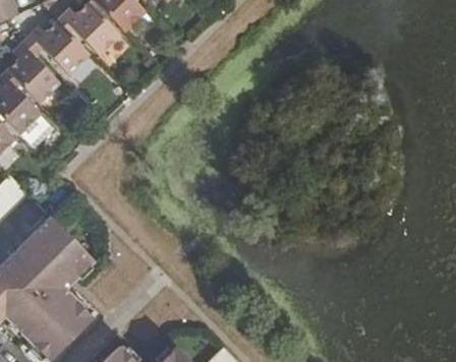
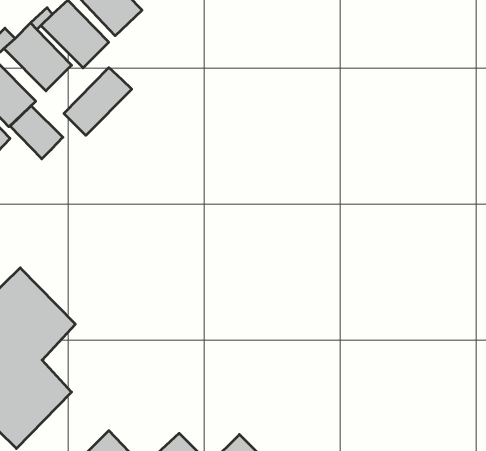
building: none -> [64,68,132,135]
building: none -> [10,106,63,159]

